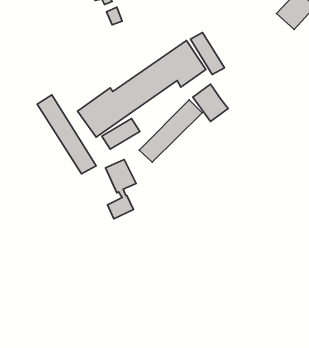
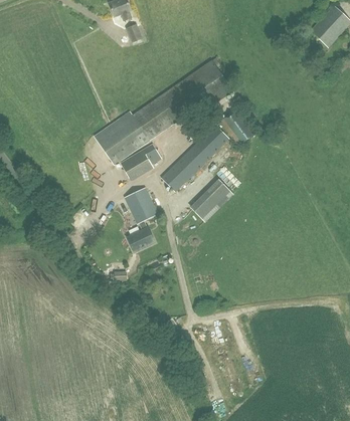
building: [190,32,224,75] -> none
building: [37,95,96,174] -> none
building: none -> [192,180,233,221]

